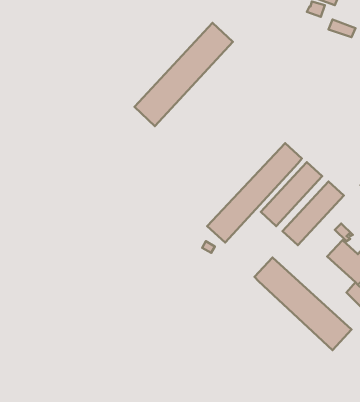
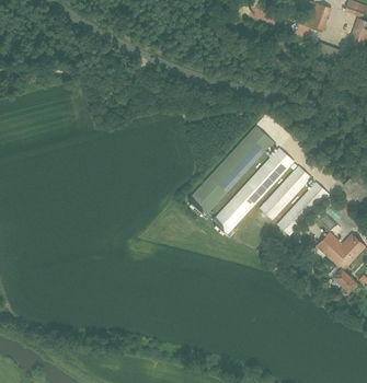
building: [135,23,233,126] -> [190,125,274,213]
building: [255,258,352,350] -> none

